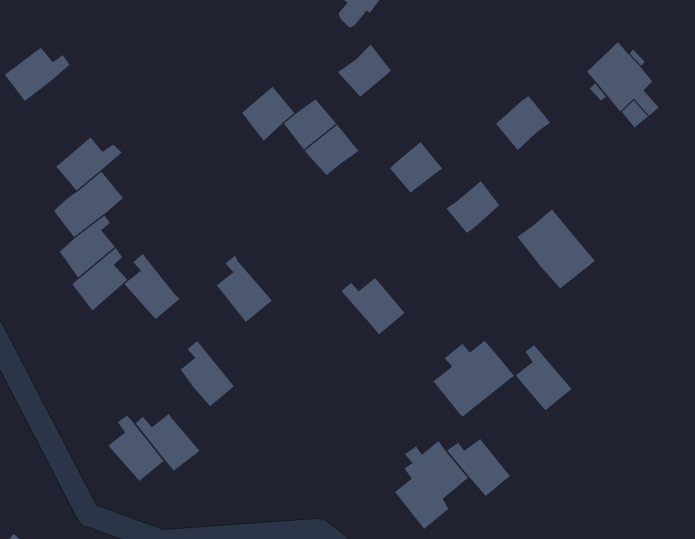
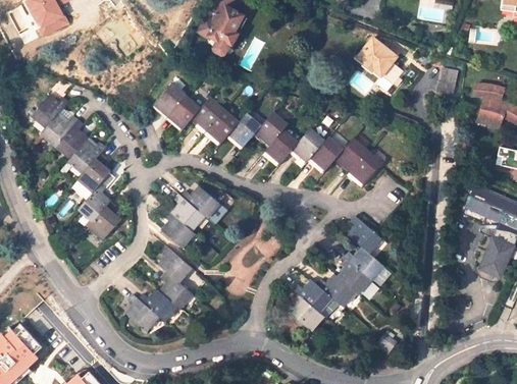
building: [337,43,392,98] -> [229,114,260,146]
building: none -> [155,85,184,114]
building: none -> [41,114,89,160]
building: [495,95,551,151] -> [311,138,343,170]
building: none -> [266,131,298,162]
building: [123,253,181,320] -> [160,212,194,249]
building: [341,277,406,335] -> [180,186,219,219]
building: [433,340,515,417] -> [337,249,382,294]
building: none -> [158,273,193,310]

